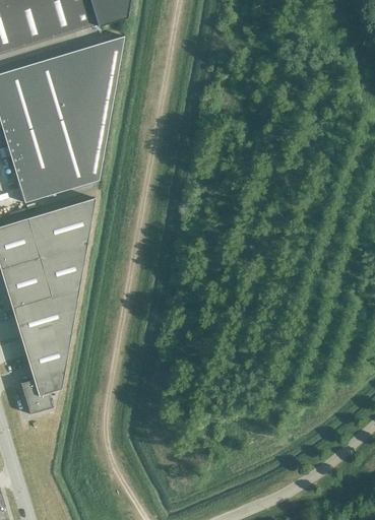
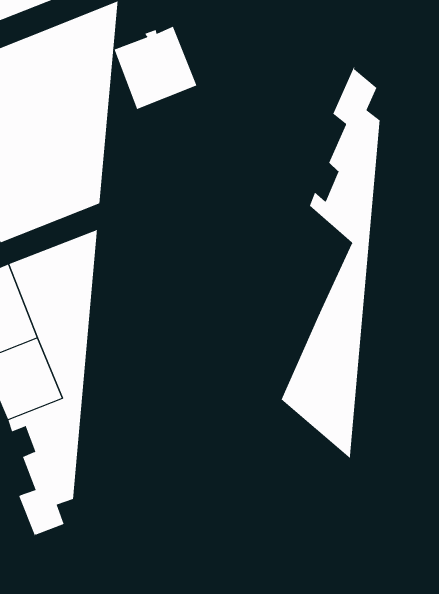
building: none -> [114,26,197,110]
building: none -> [281,66,380,459]

